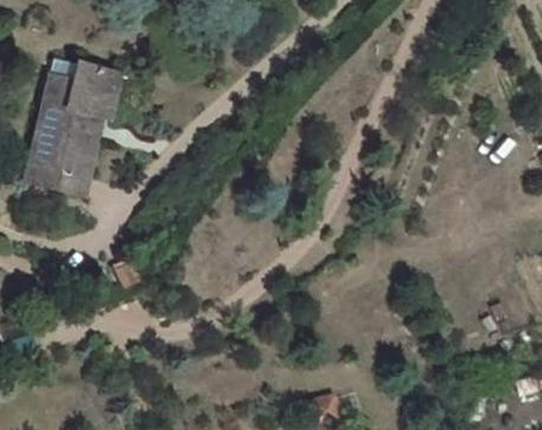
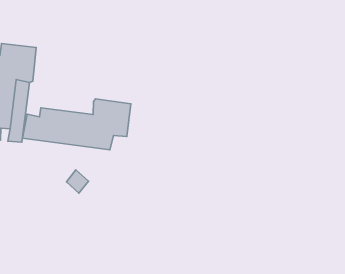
building: none -> [22,99,131,150]

